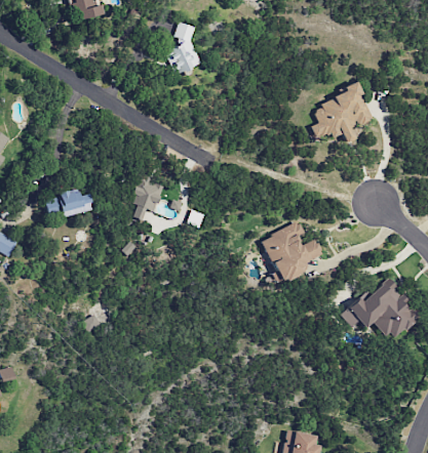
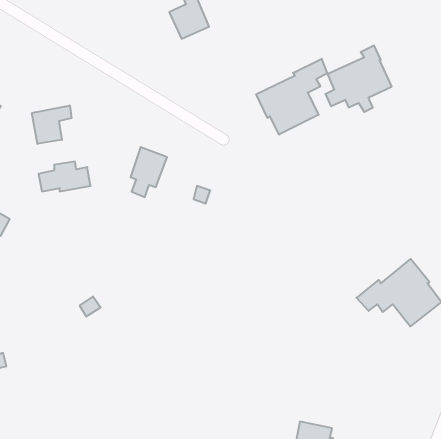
building: none -> [256,59,327,135]
building: none -> [32,105,72,144]
building: [261,221,323,283] -> none

